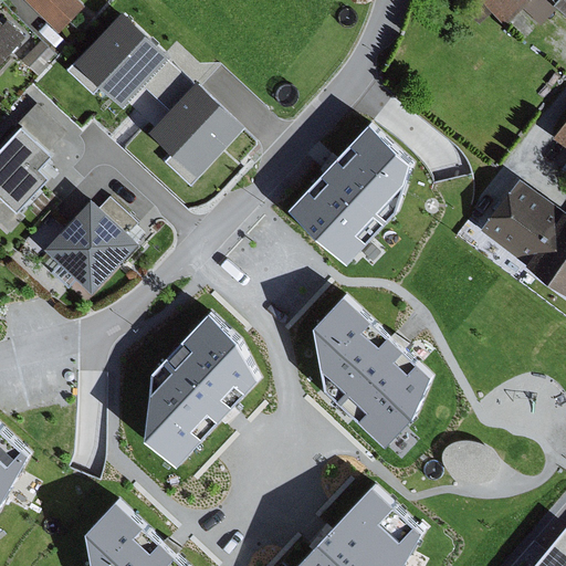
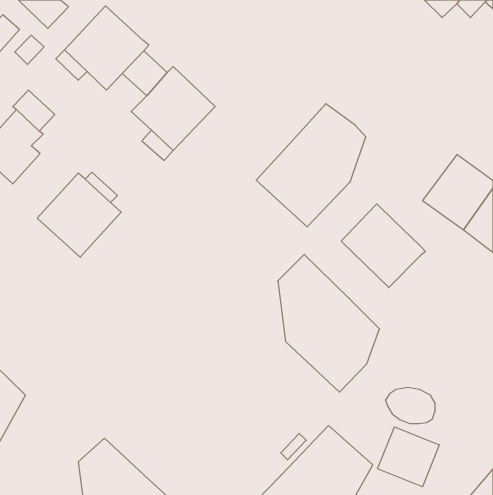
building: none -> [341,204,425,288]
building: [146,316,259,467] -> none
building: none -> [378,427,439,487]

